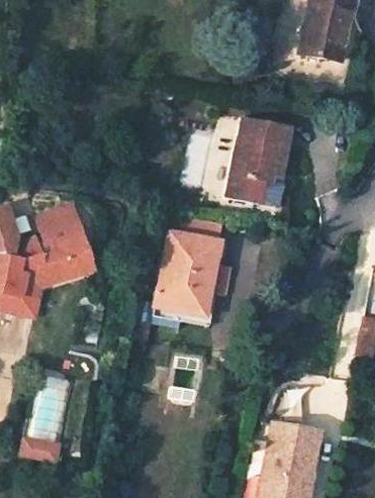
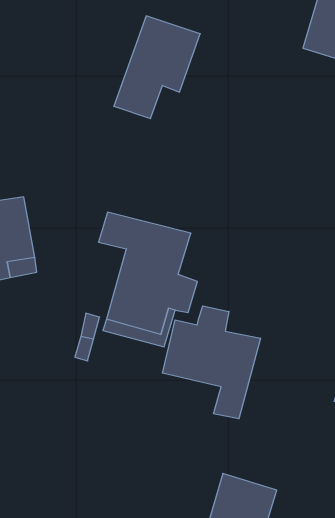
building: [225,118,292,205] -> [114,16,200,119]
building: none -> [162,306,260,419]

